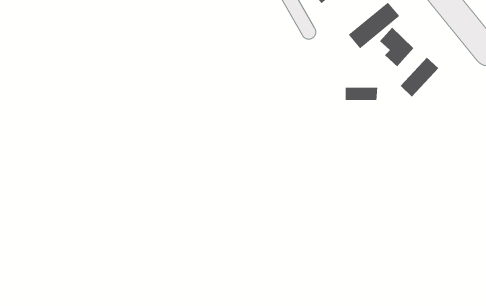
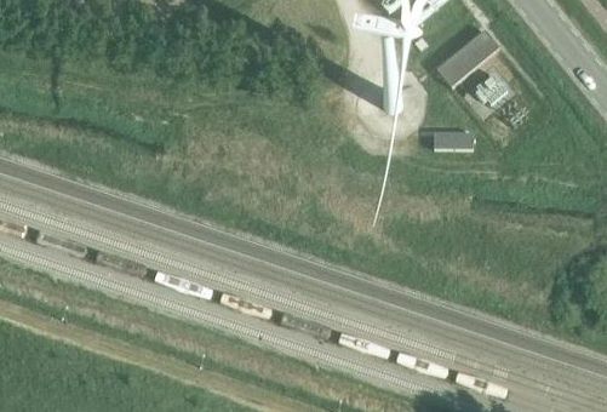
building: [400,57,439,98] -> none

